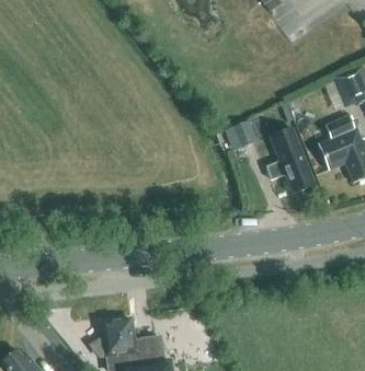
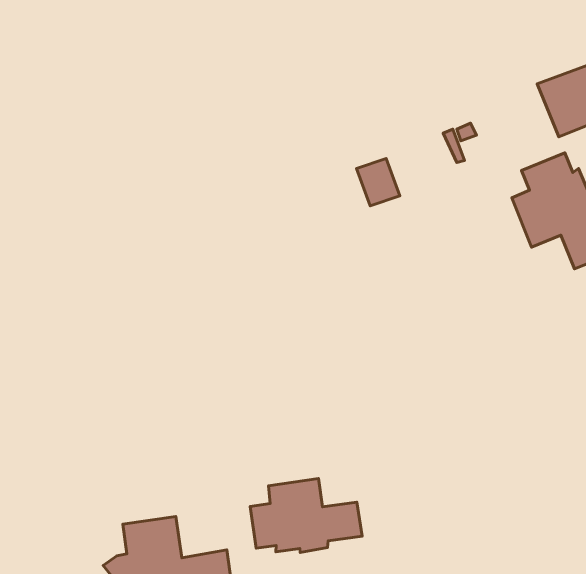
building: [266,126,313,190] -> none
building: none -> [250,478,362,552]

